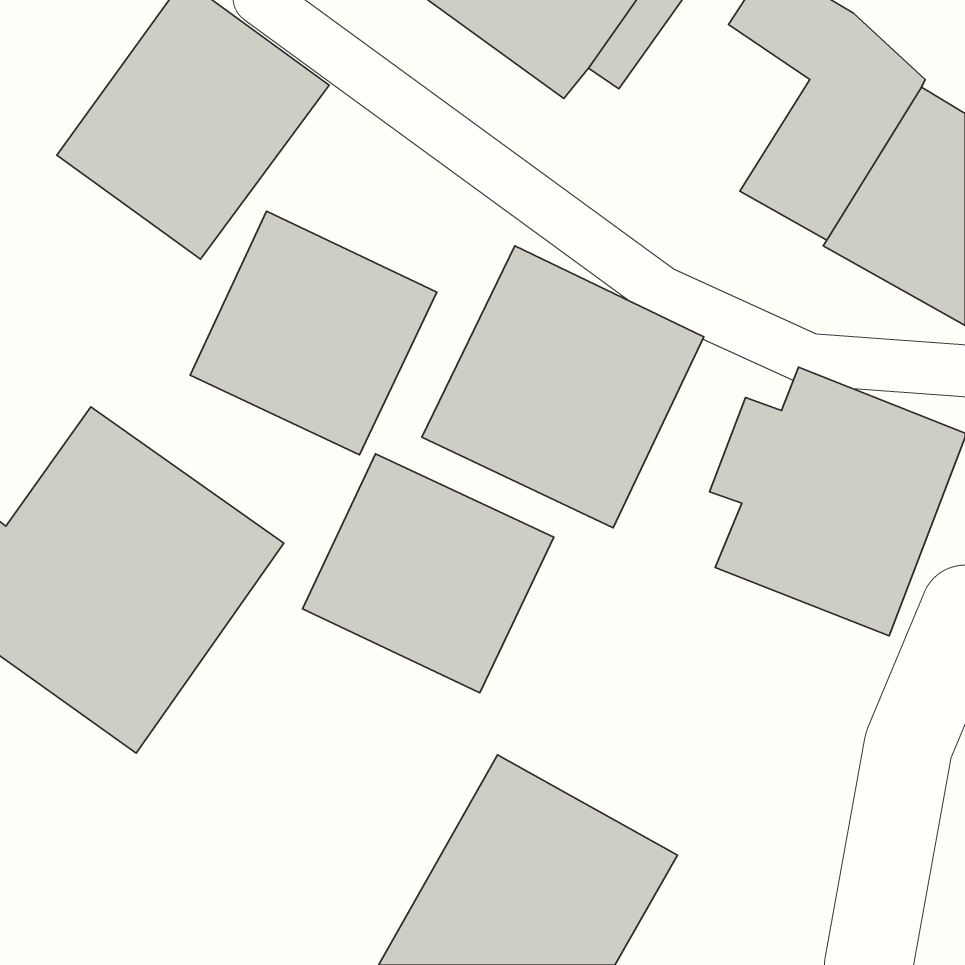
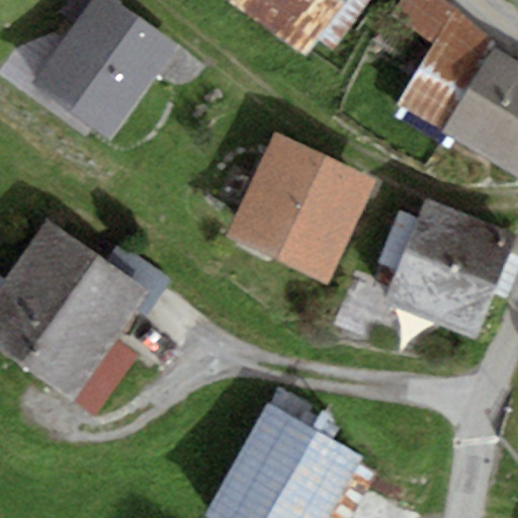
building: [190,211,437,455] -> none
building: [303,454,554,693] -> none

